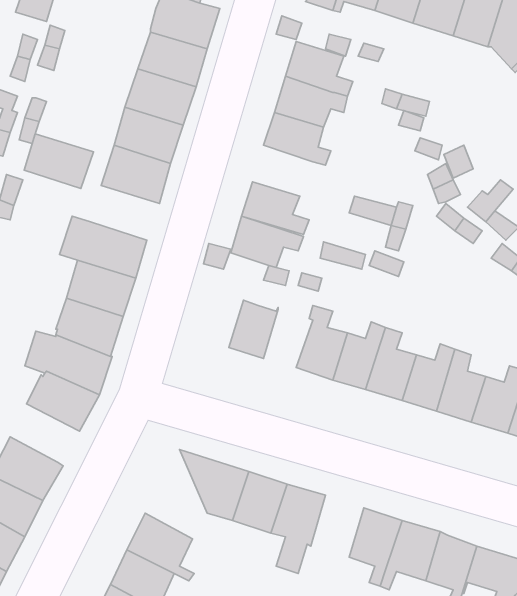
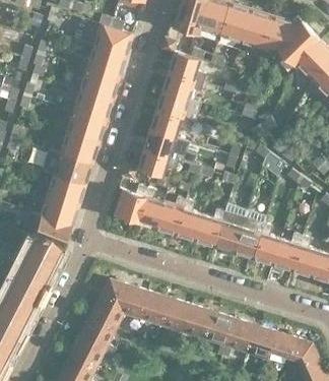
building: [24,134,94,188] -> [60,132,98,163]
building: none -> [150,110,191,138]
building: none -> [117,185,156,223]
building: none -> [156,196,184,234]
building: none -> [15,254,54,289]
building: none -> [90,279,125,329]
building: none -> [183,305,212,339]

